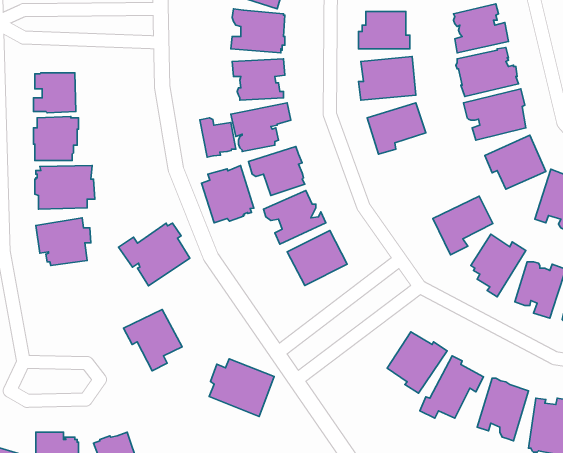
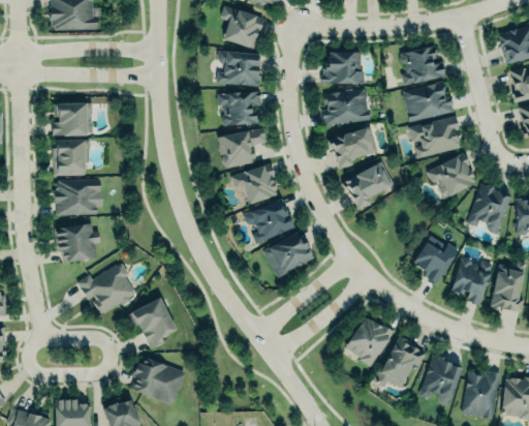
building: [200,118,236,157] -> none
building: [202,165,254,223] -> none
building: [433,196,493,255] -> [344,162,394,211]
building: [119,223,190,286] -> [79,264,137,315]
building: [209,359,274,417] -> [132,358,186,405]

